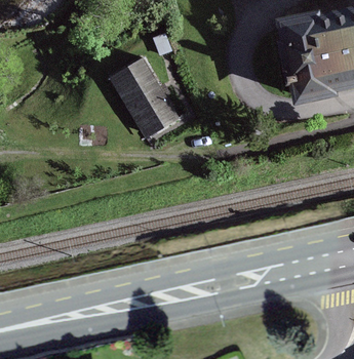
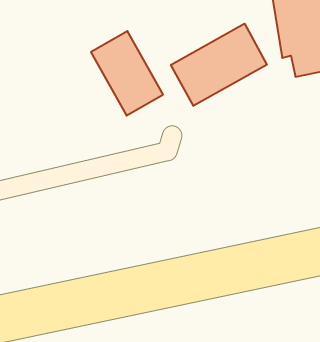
building: none -> [171,24,267,106]

